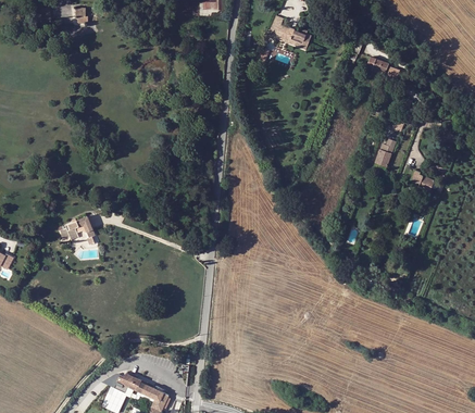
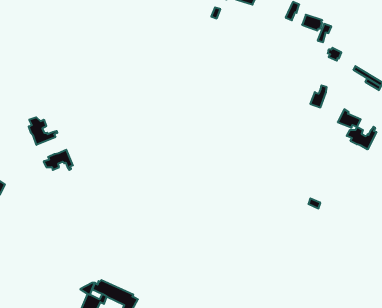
building: none -> [29,117,57,145]
building: none -> [347,127,376,149]

